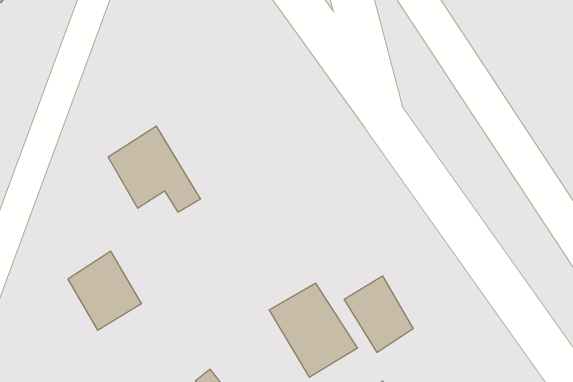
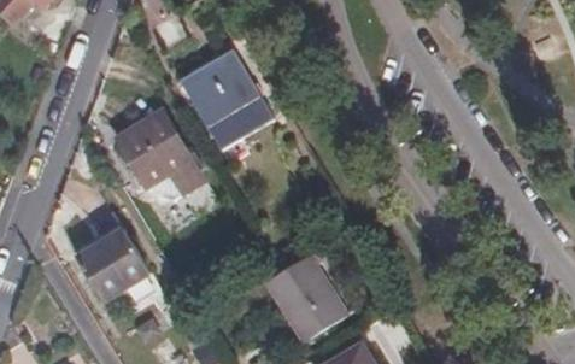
building: none -> [181,16,274,153]
building: [344,276,413,352] -> none

